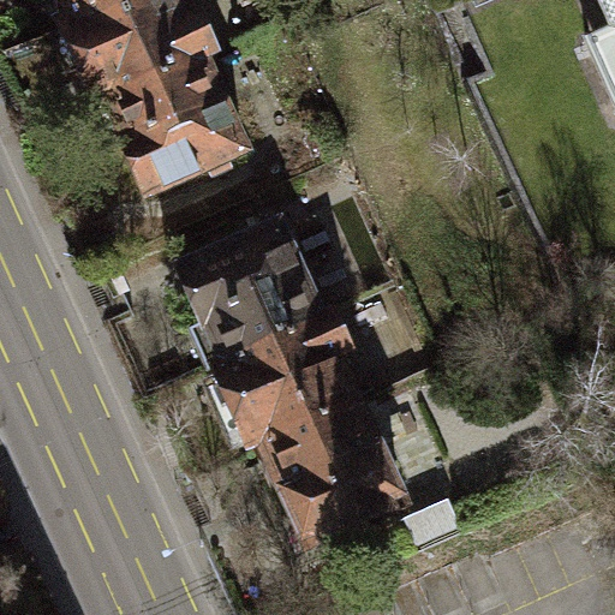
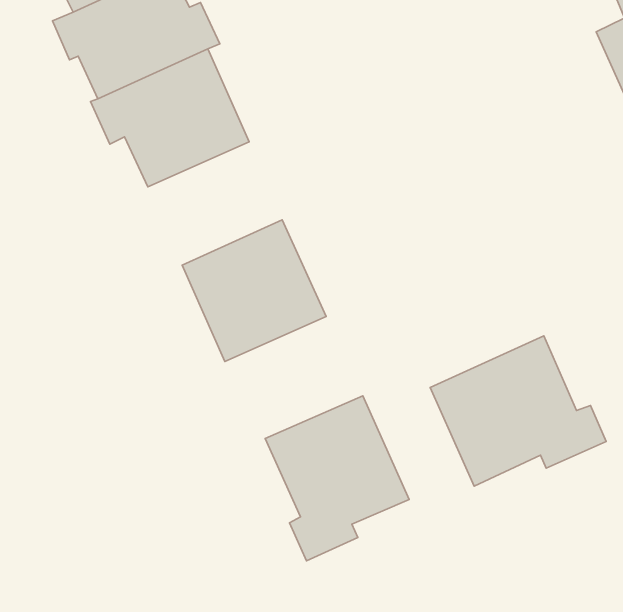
building: [215,305,358,441] -> none
building: none -> [430,336,606,486]

